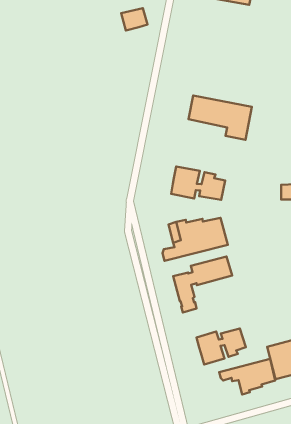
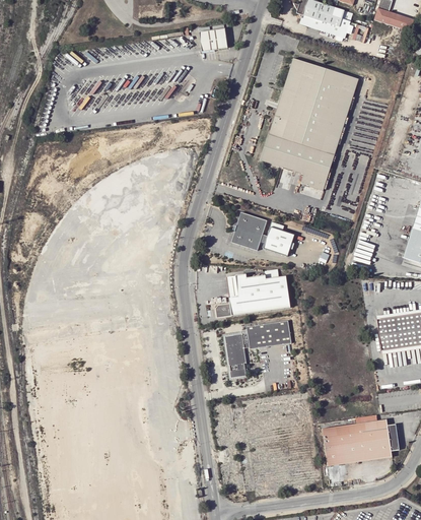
building: none -> [270,58,358,153]
building: [197,328,246,365] -> none
building: [219,359,275,394] -> none

